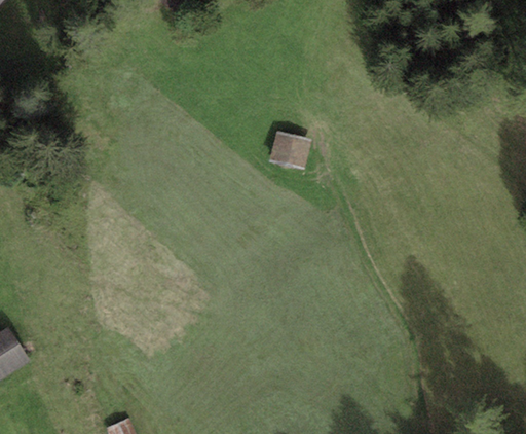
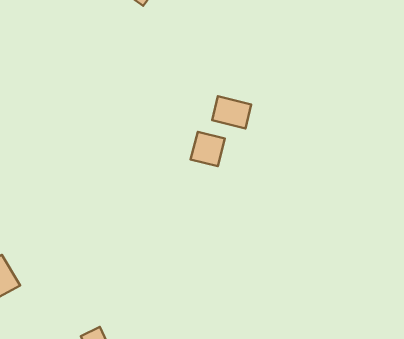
building: none -> [191,132,225,166]

